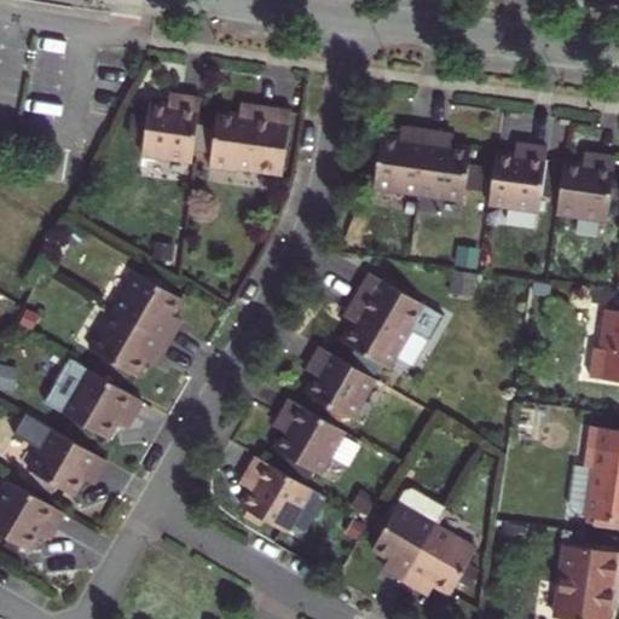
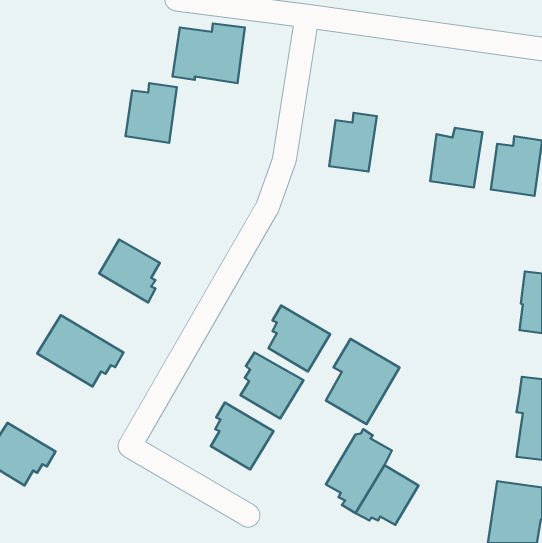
building: [209,108,291,175] -> [172,23,245,83]
building: [418,132,472,202] -> none
building: [343,273,427,370] -> [326,339,399,424]
building: [89,311,168,377] -> none
building: [27,428,105,494] -> none

